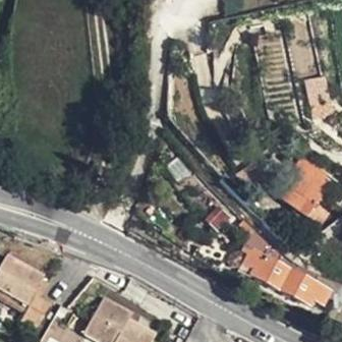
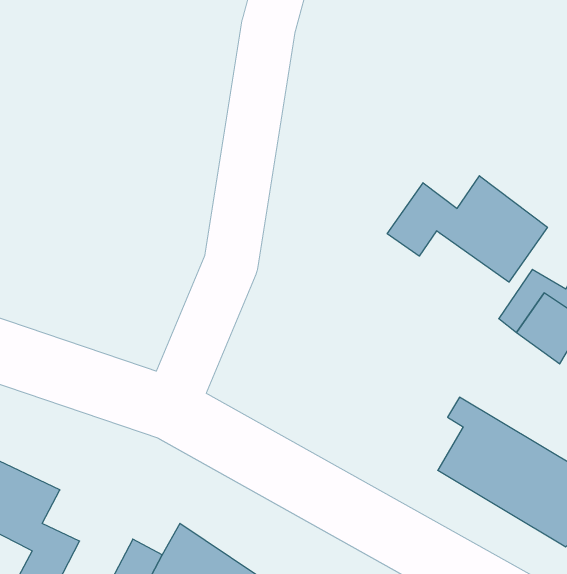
building: none -> [387,176,547,282]

